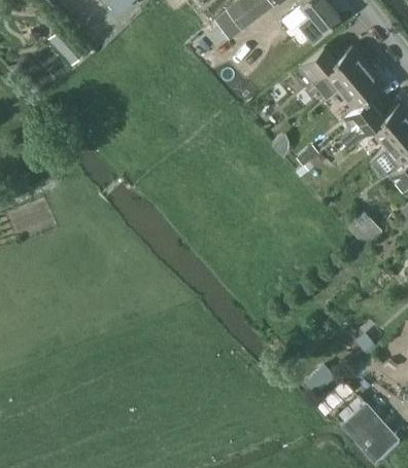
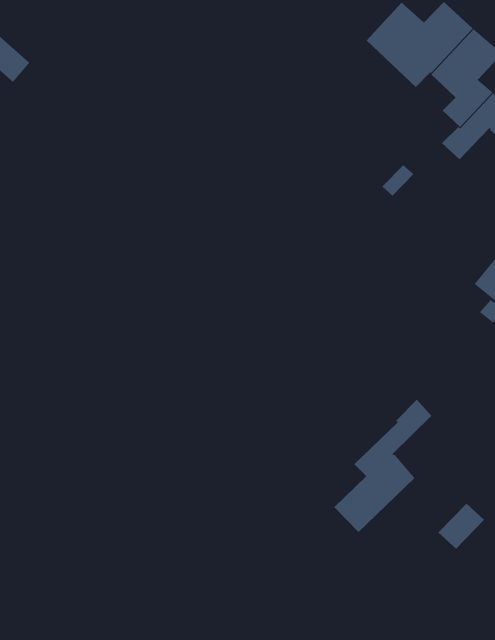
building: none -> [334,399,432,533]

